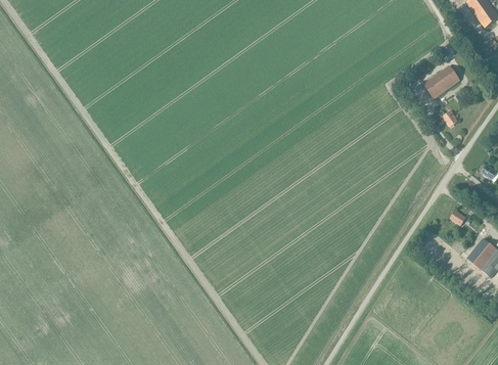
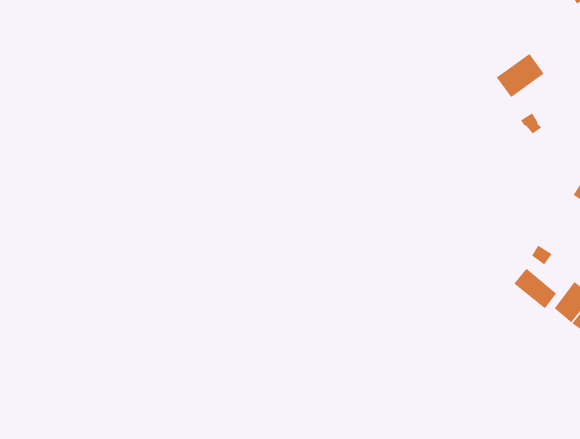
building: none -> [513,268,557,309]

